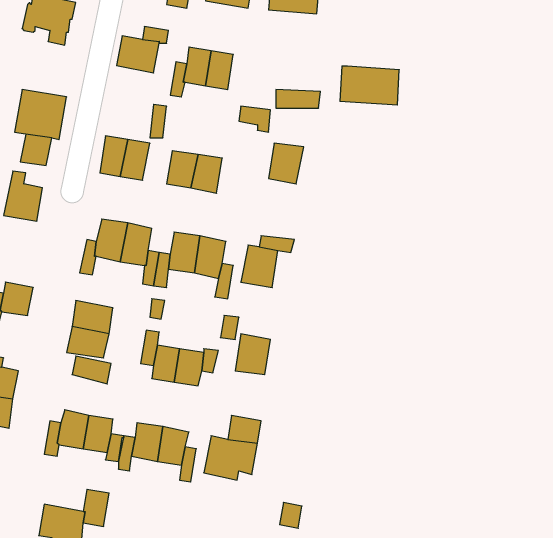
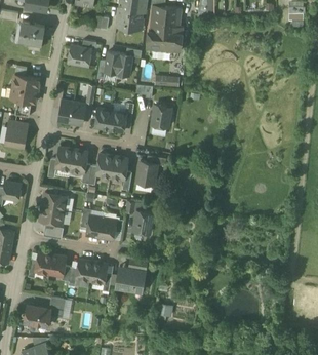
building: [340,66,399,105] -> [148,31,181,52]

